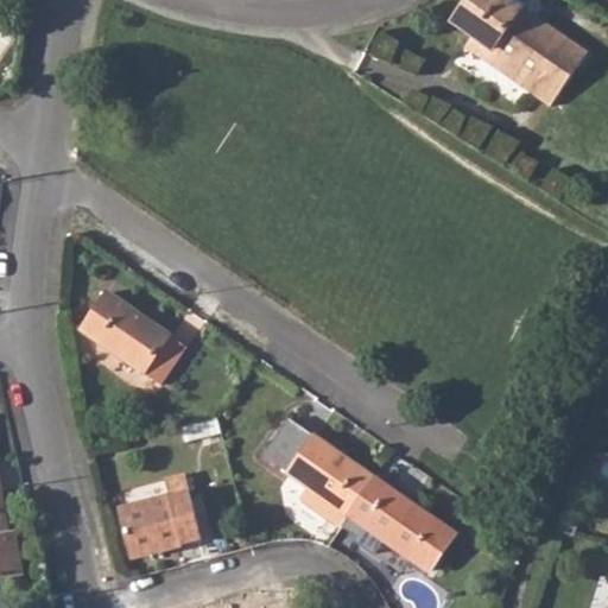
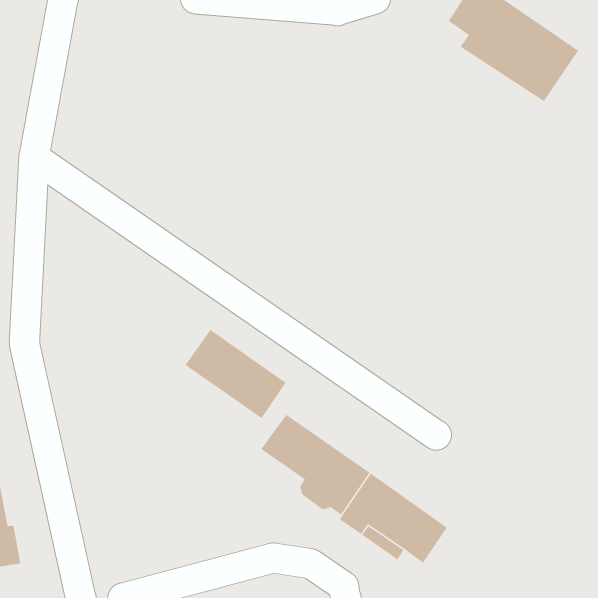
building: [81,290,184,381] -> [184,329,286,419]
building: [114,475,201,557] -> none

